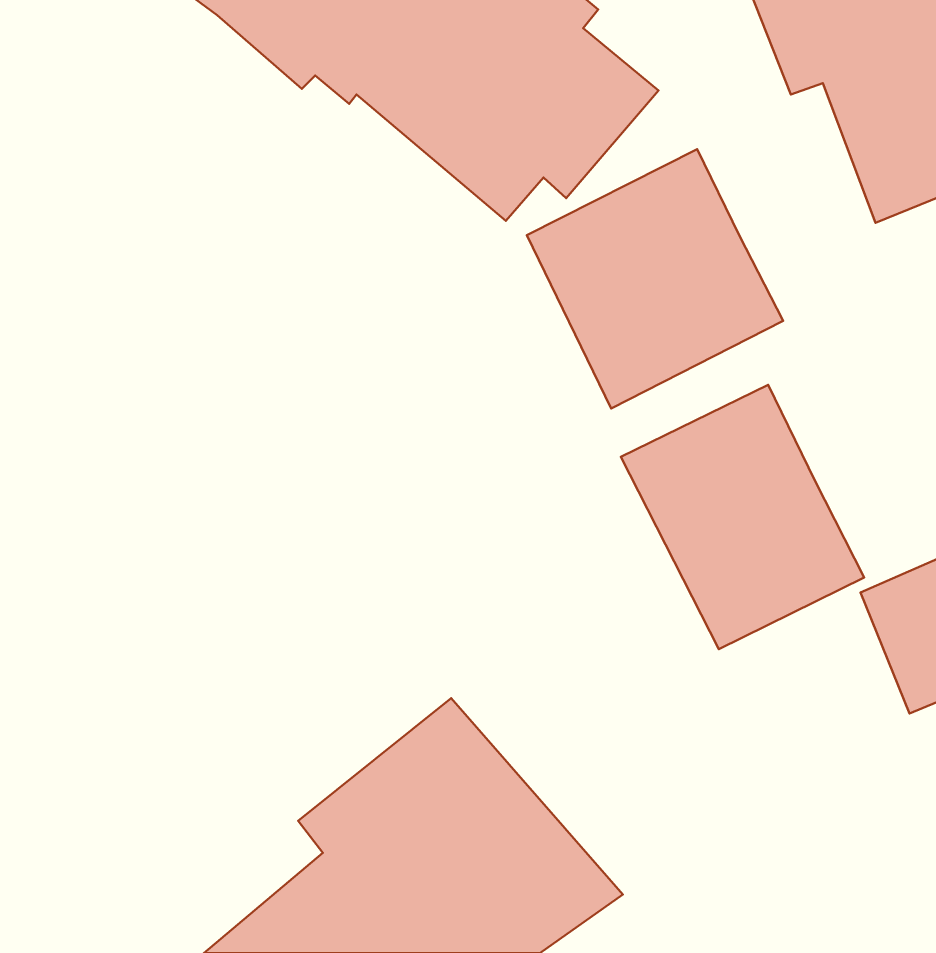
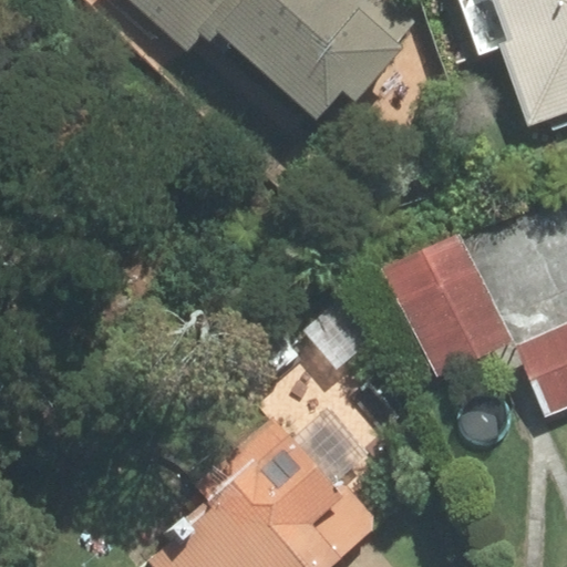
building: [527,149,783,409] -> none

